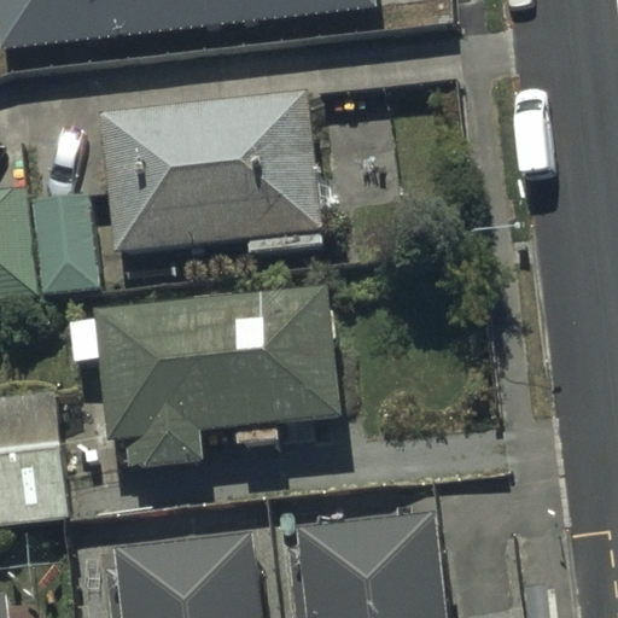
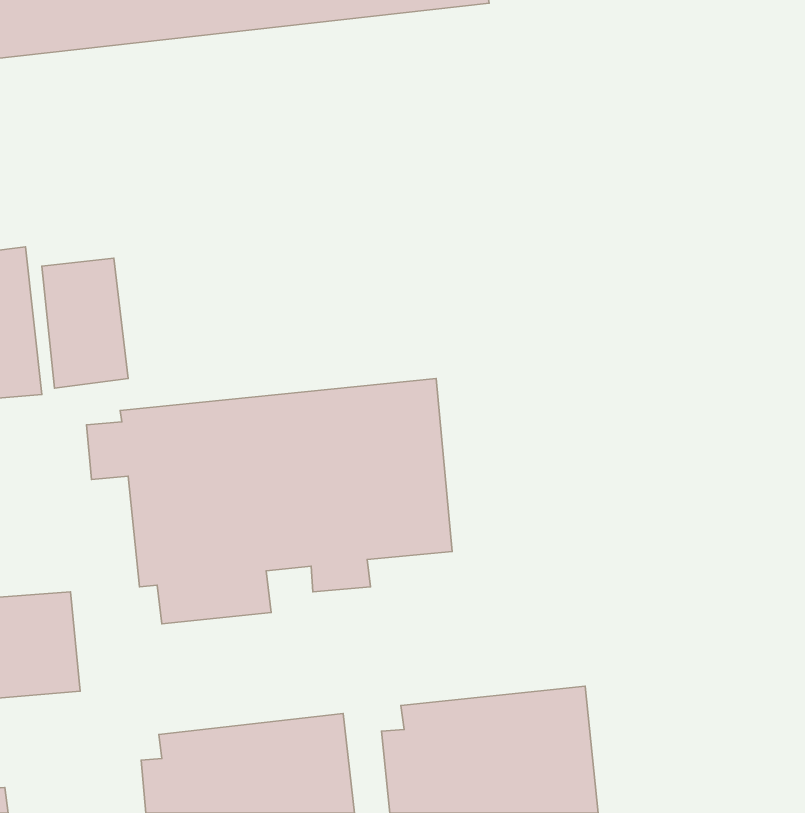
building: [98,91,322,251] -> none

